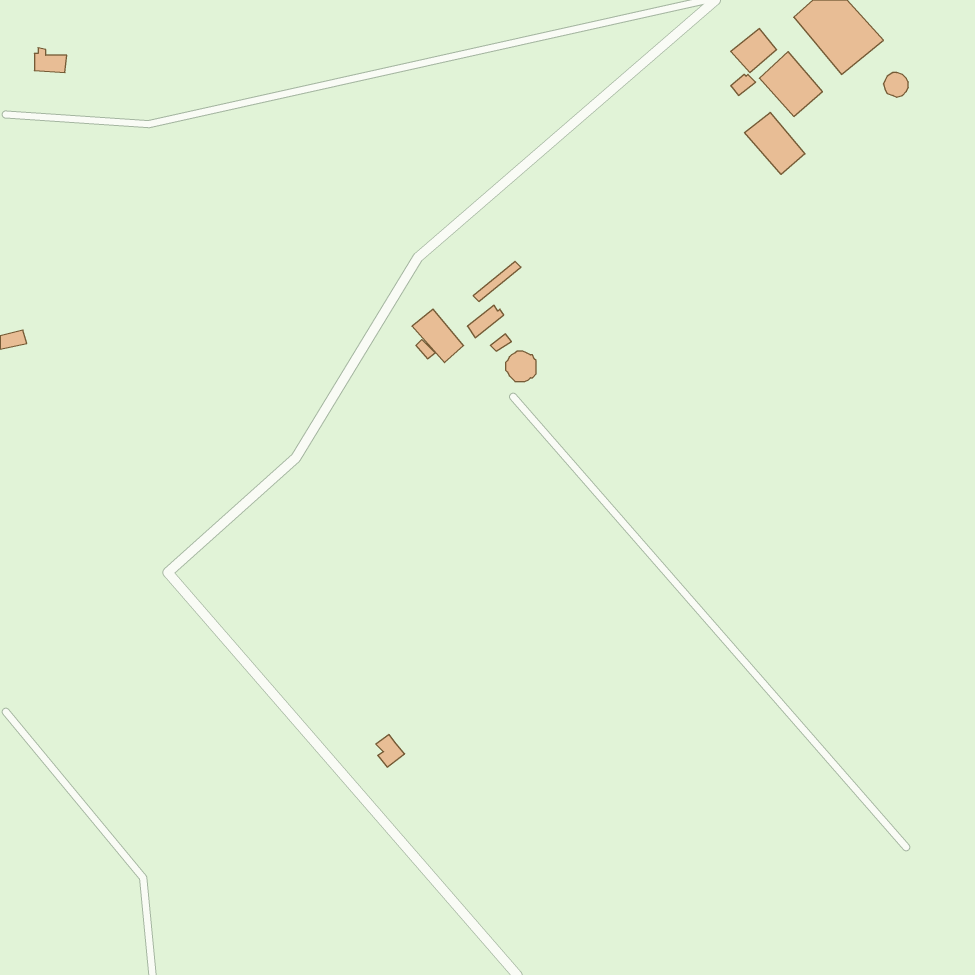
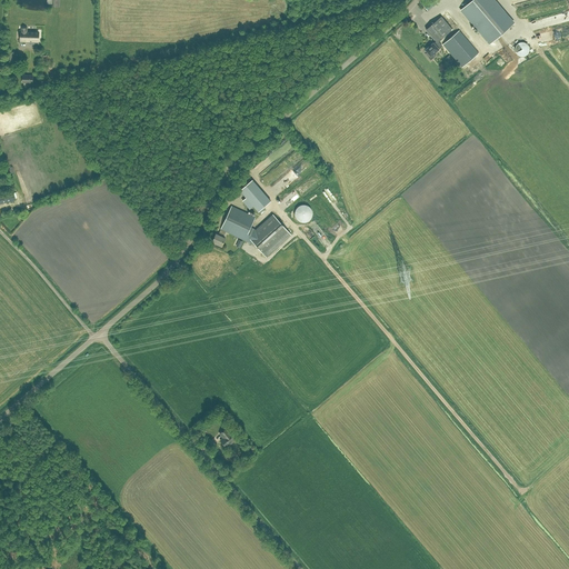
building: [745,112,805,174] -> none
building: none -> [212,206,291,257]

